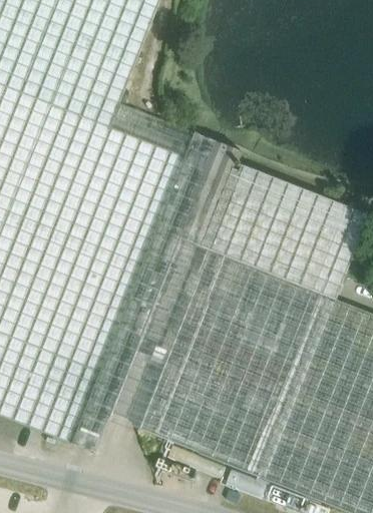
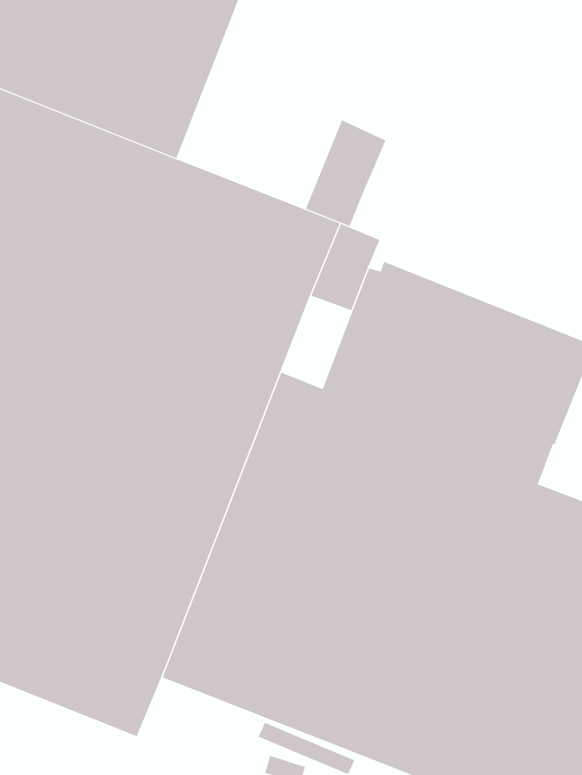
building: none -> [305,119,386,227]
building: [181,185,225,241] -> none

